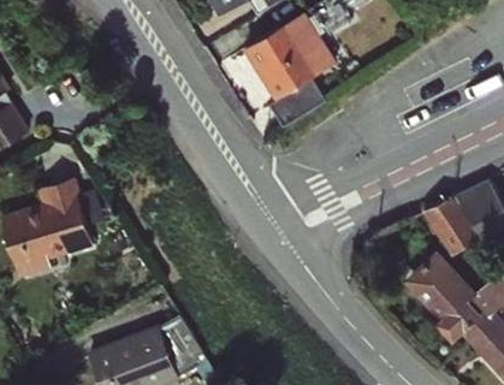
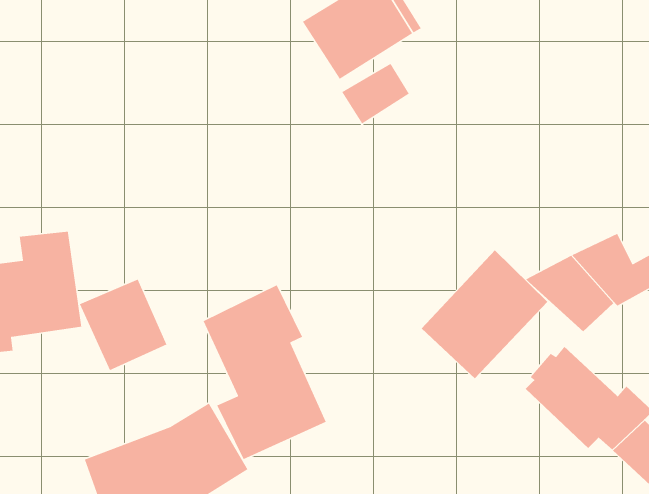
building: none -> [421,249,548,379]
building: none -> [79,278,167,371]
building: none -> [202,284,327,460]

